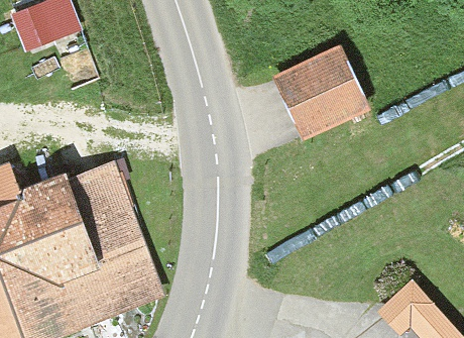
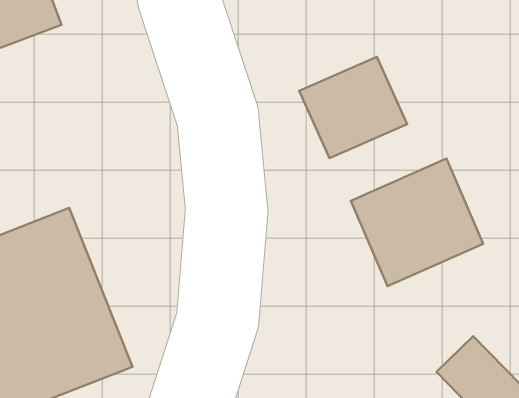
building: none -> [351,159,483,286]

